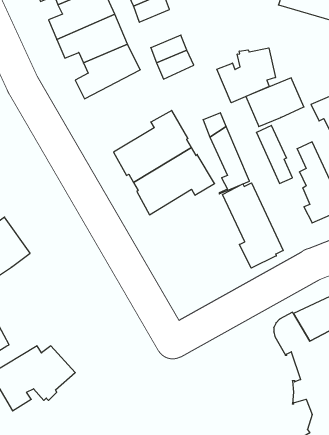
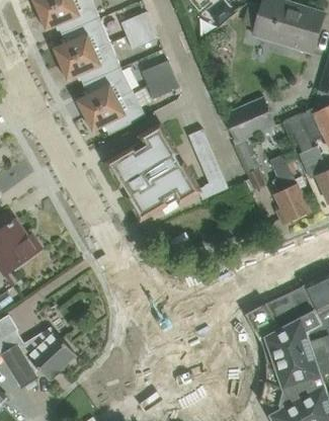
building: [217,48,275,103] -> none
building: none -> [84,91,146,136]
building: [223,183,283,268] -> none

